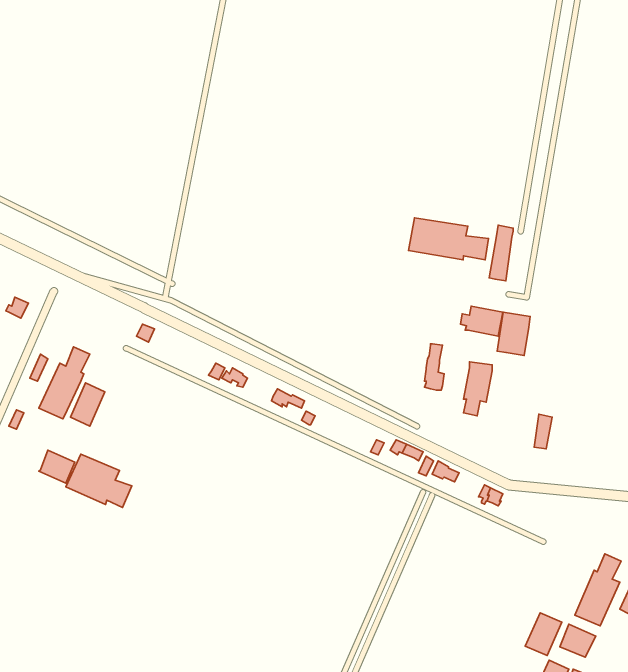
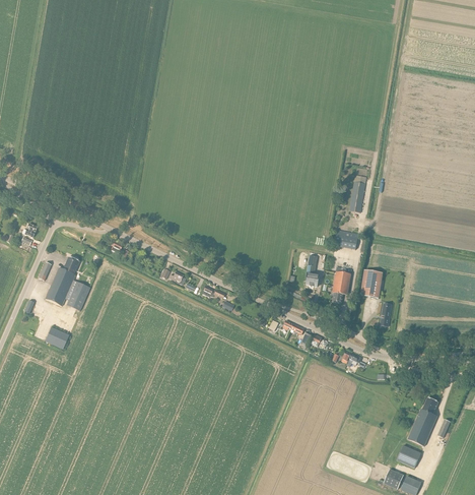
building: [408,218,489,260] -> none
building: [497,312,530,356] -> [360,269,383,299]
building: [66,454,132,508] -> none
building: [525,613,562,655] -> none

